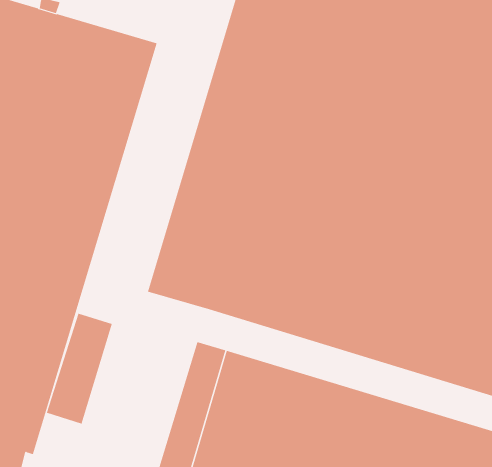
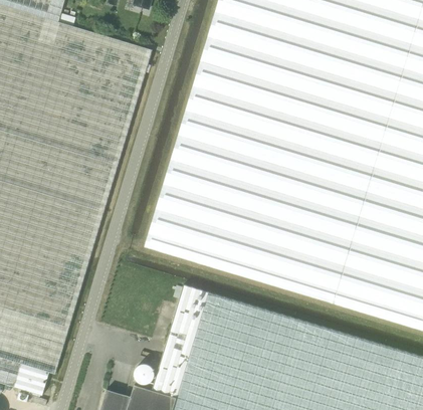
building: [46,313,113,424] -> none

